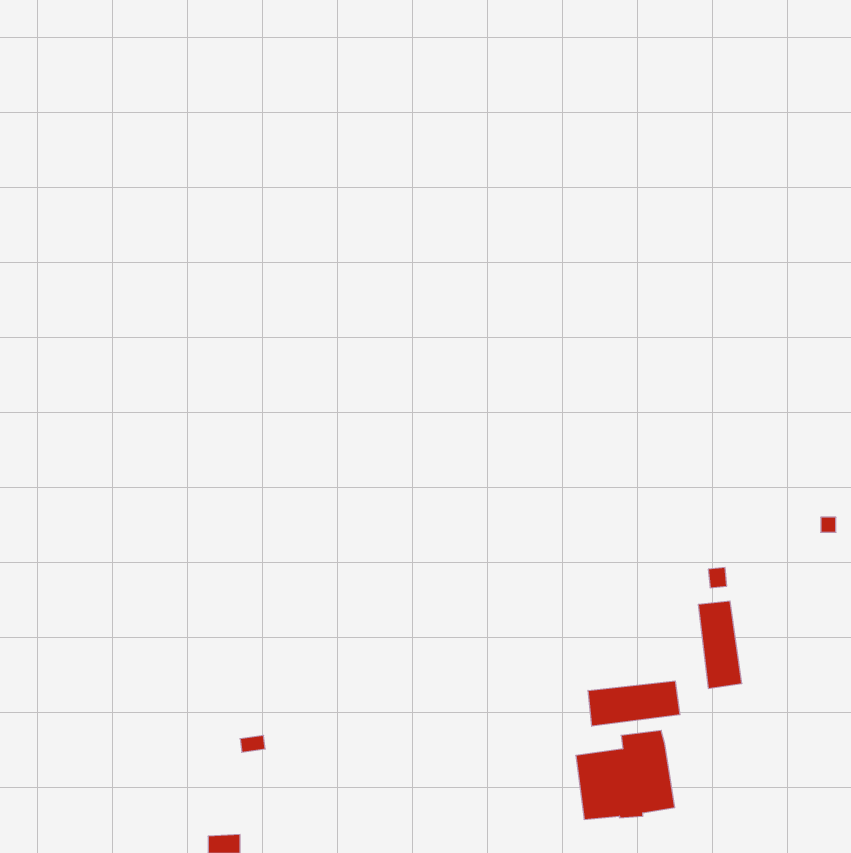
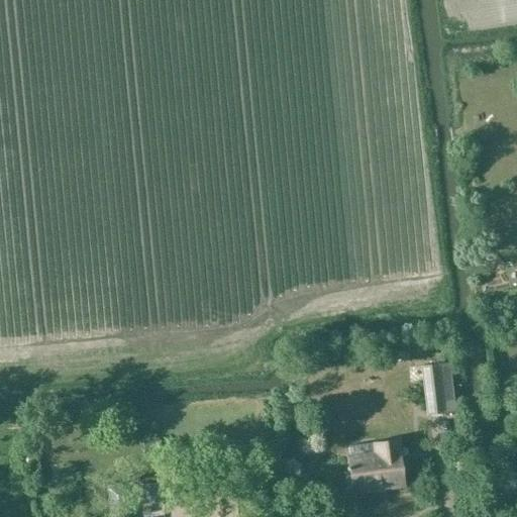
building: [588,681,680,726] -> none

